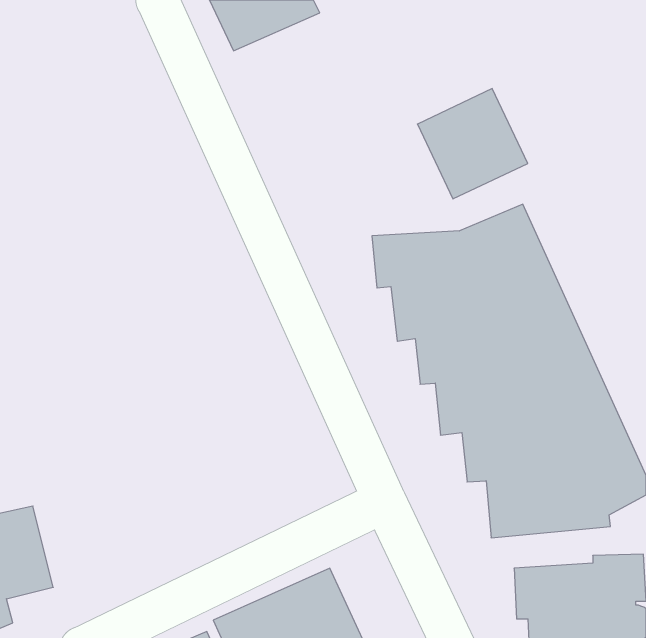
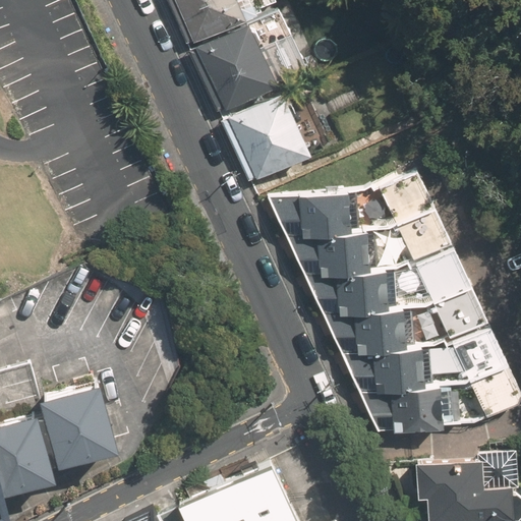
building: none -> [187,25,308,118]
building: [417,89,528,199] -> [222,98,310,186]
building: none -> [40,384,118,468]

